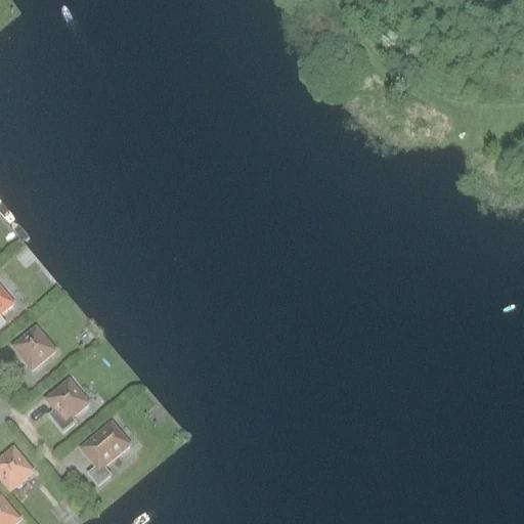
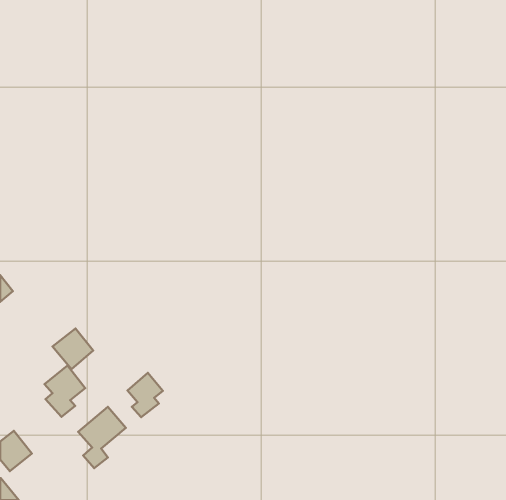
building: [13,325,55,367] -> [53,329,93,369]
building: none -> [128,373,163,417]

